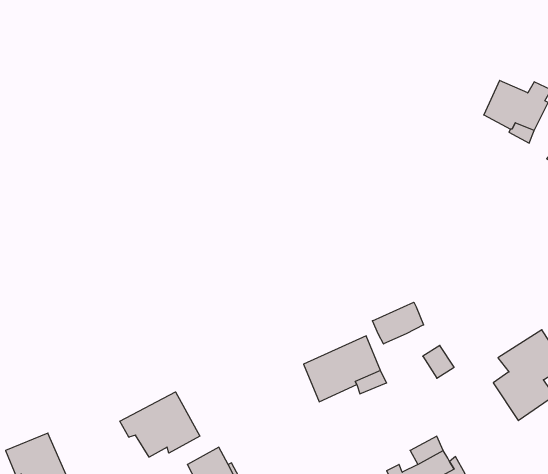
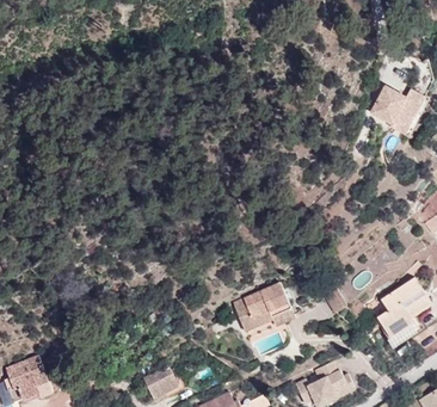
building: [372,302,424,344] -> none
building: [120,392,200,457] -> none

